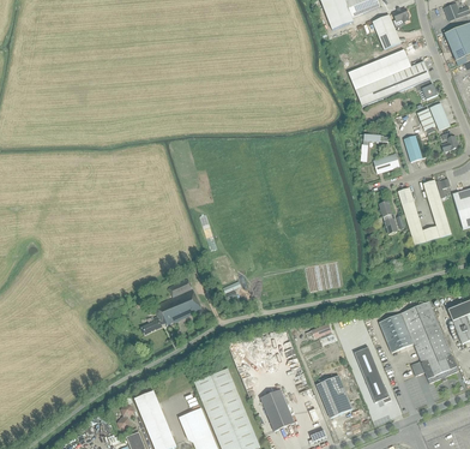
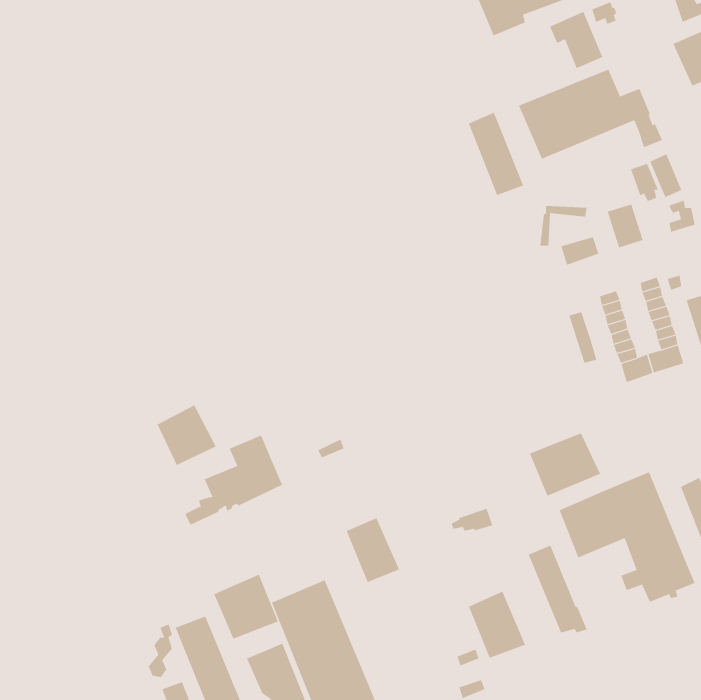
building: none -> [468,112,524,196]
building: none -> [157,405,216,466]
building: none -> [529,433,601,497]
building: none -> [214,574,278,640]
building: [260,389,294,430] -> [346,517,400,583]

